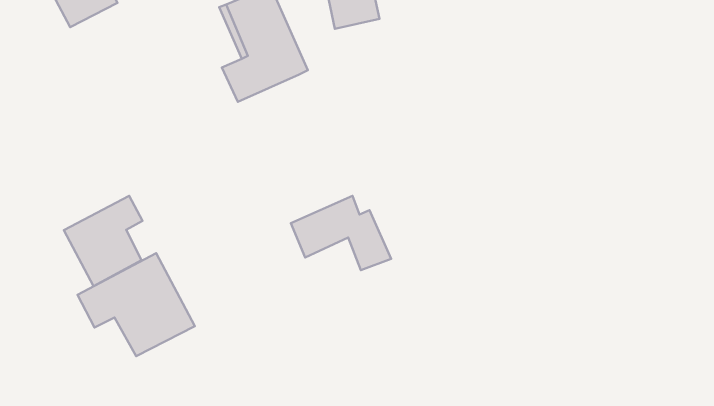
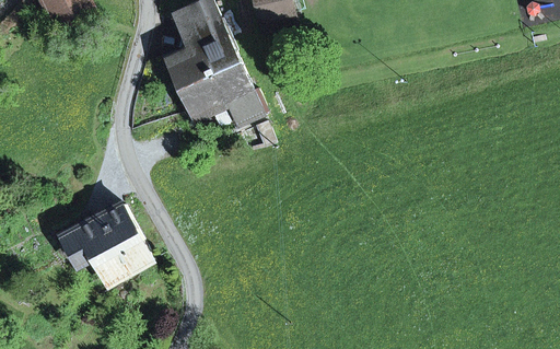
building: [64,196,143,286] -> none
building: [291,196,391,270] -> [185,65,261,121]

